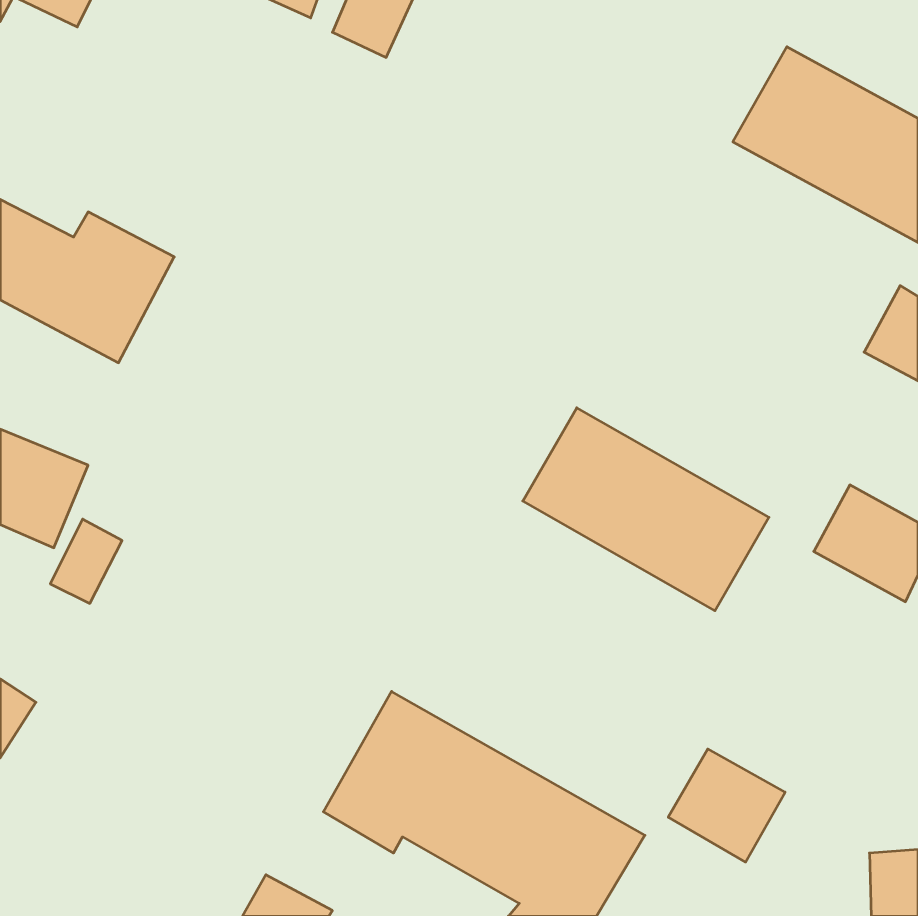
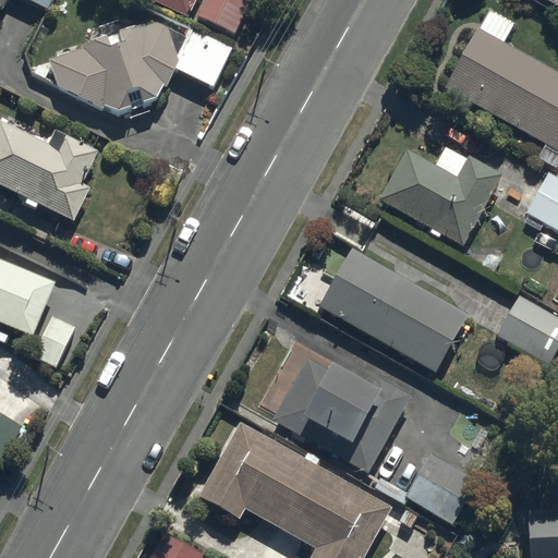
building: none -> [51,19,231,114]
building: none -> [375,145,501,244]
building: none -> [270,352,411,473]

